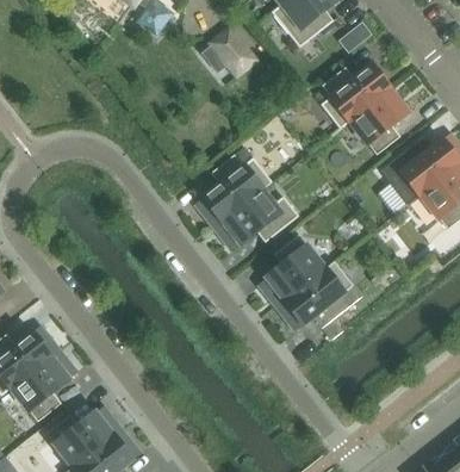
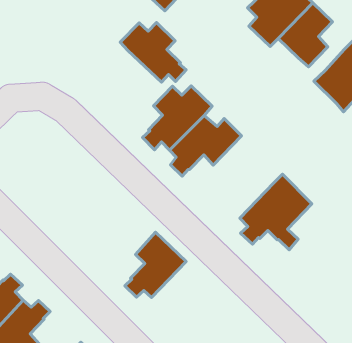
building: none -> [120,23,186,82]
building: [259,235,325,302] -> [125,232,186,297]

